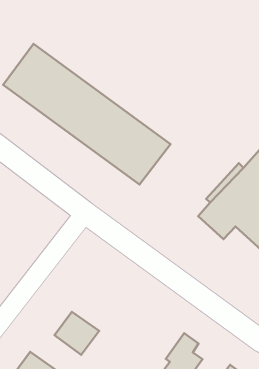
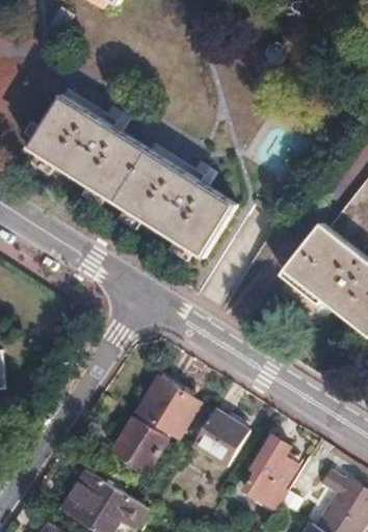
building: none -> [136,375,200,435]
building: none -> [191,408,247,464]

